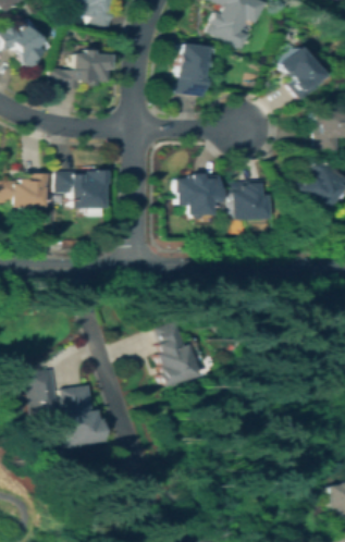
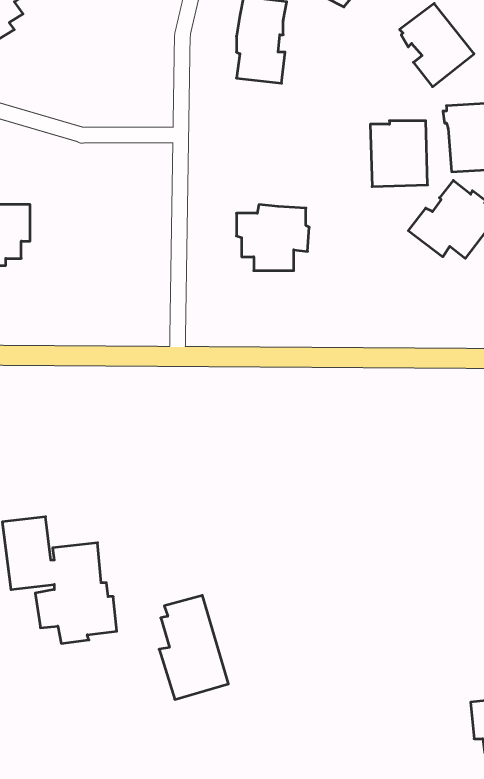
building: [52,49,111,88] -> none
building: [59,170,110,208] -> none
building: [233,180,269,221] -> [370,121,428,187]
building: [157,321,200,386] -> [159,595,228,699]

